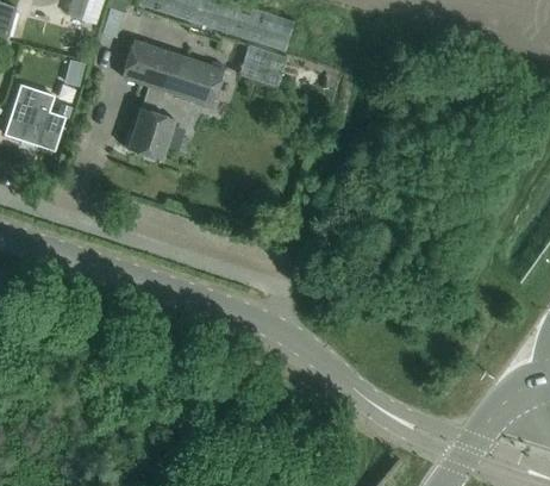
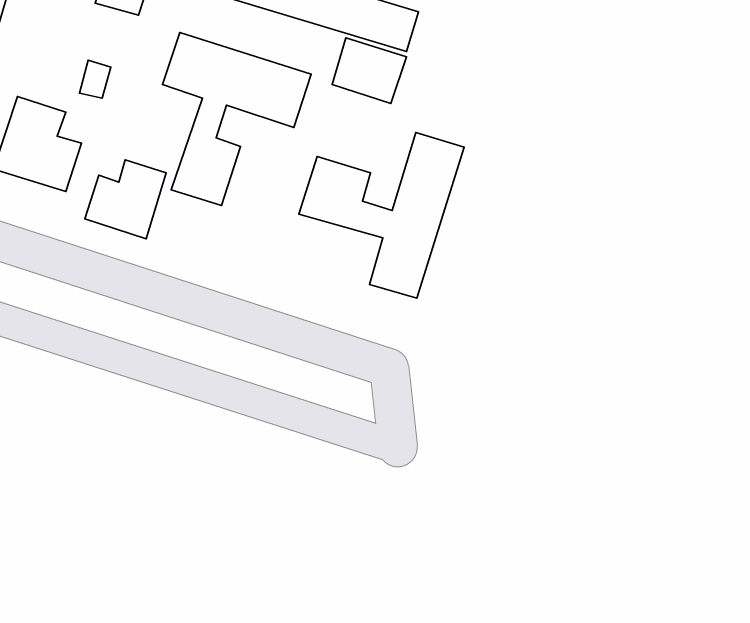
building: none -> [299,132,464,298]
building: none -> [85,160,166,239]

